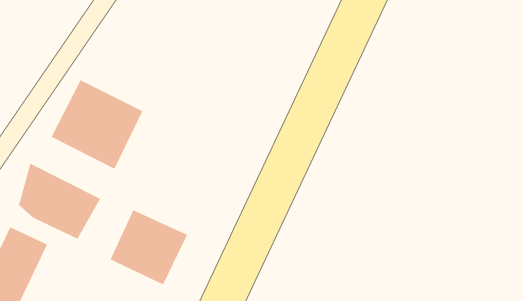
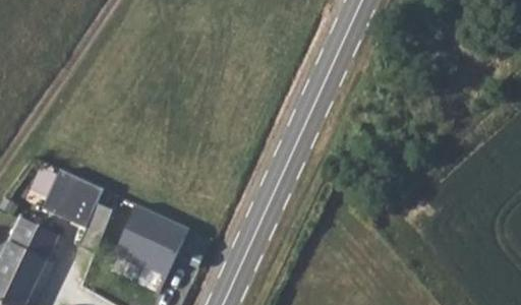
building: [50,79,143,170] -> none

